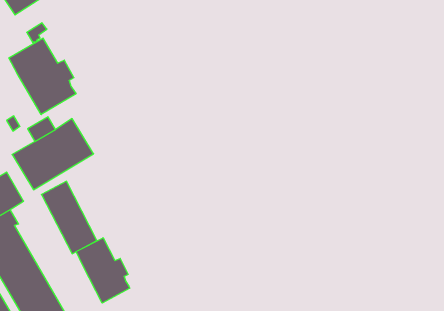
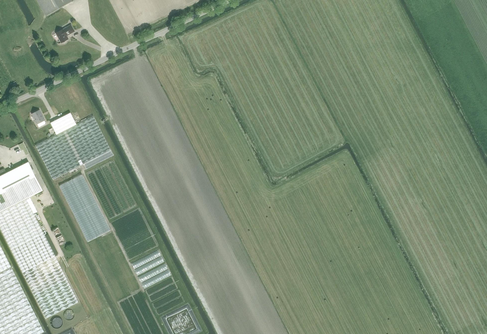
building: [9,38,76,115] -> none
building: [76,238,130,303] -> none

